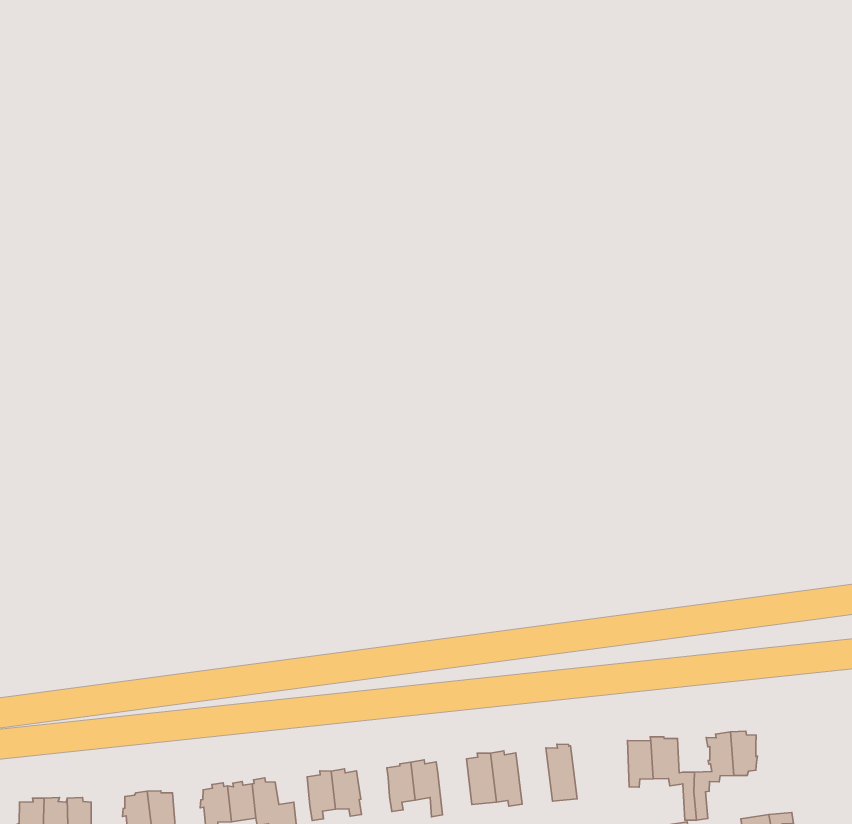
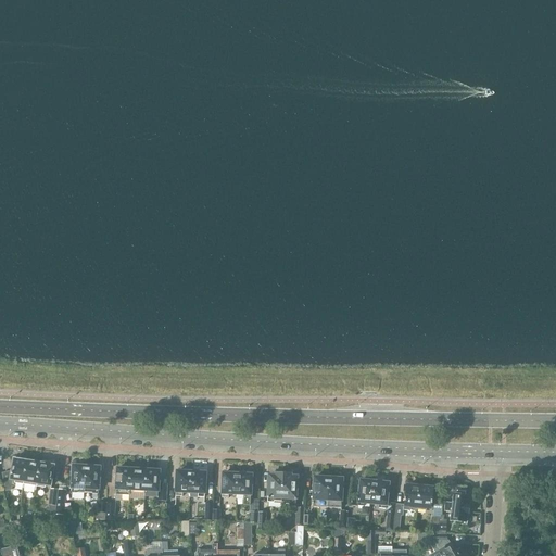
building: none -> [445,489,470,522]
building: none -> [328,475,344,506]

